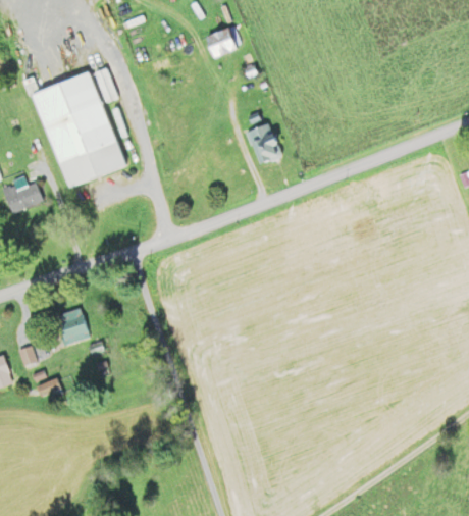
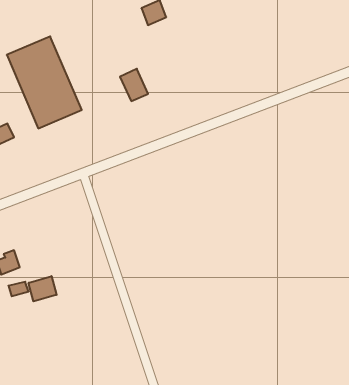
building: [244,122,279,163] -> [120,69,148,101]
building: [55,309,87,342] -> none
building: none -> [29,276,57,301]

